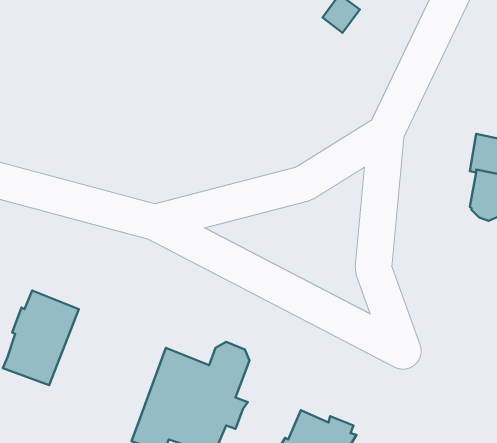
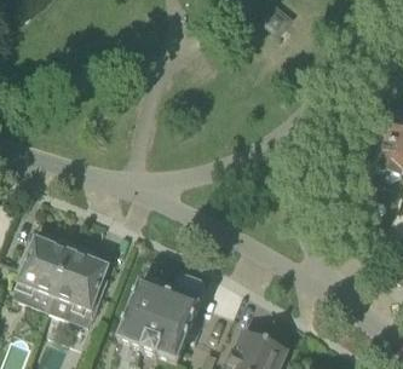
building: none -> [47,249,108,317]

